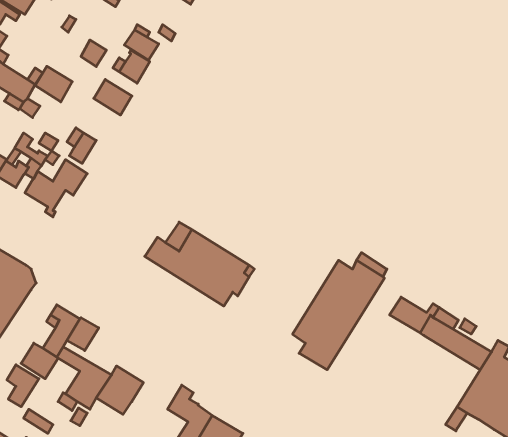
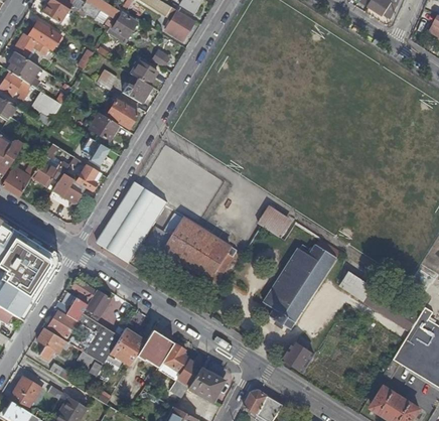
building: [35,66,72,102] -> [88,114,117,142]
building: none -> [98,179,168,261]
building: none -> [258,204,292,237]
building: none -> [136,330,172,368]
building: none -> [283,335,313,373]

